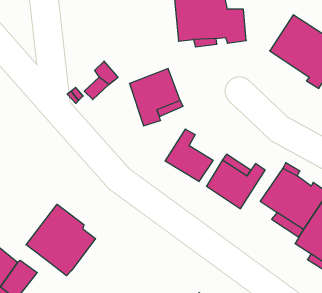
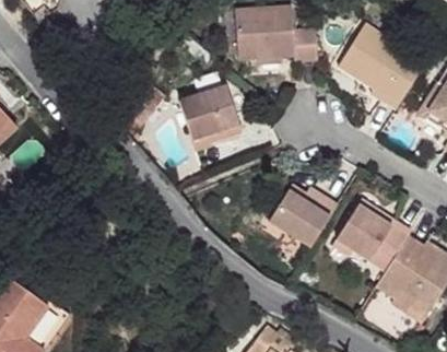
building: [165,129,213,182] -> none
building: [26,204,96,276] -> none

